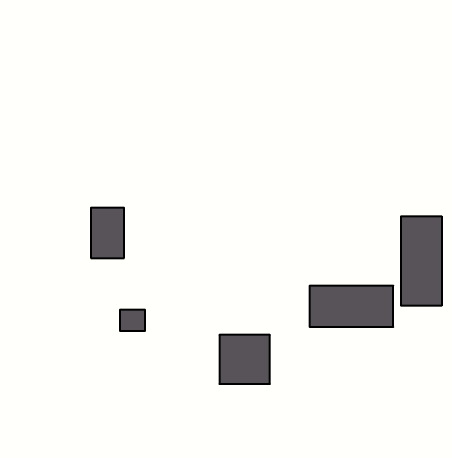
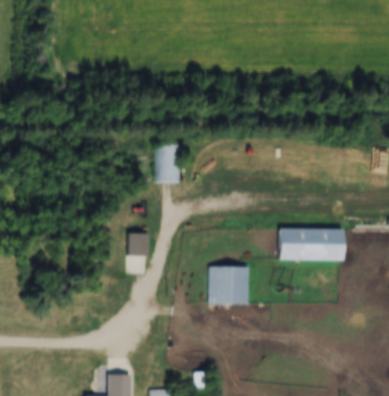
building: [91,208,124,258] -> [157,144,183,183]
building: [401,216,442,306] -> none

